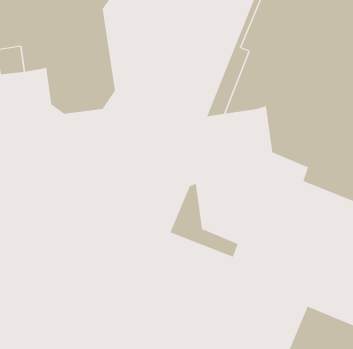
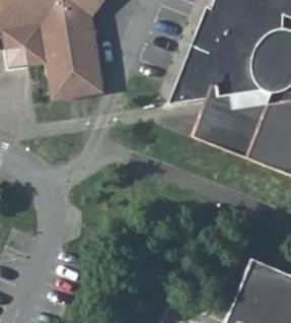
building: [169,183,239,257] -> [196,96,252,157]

